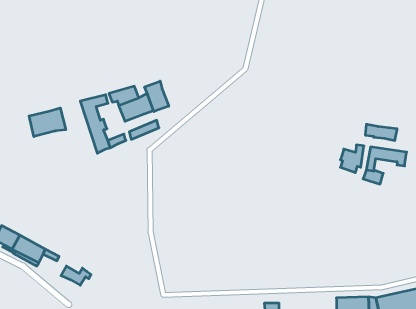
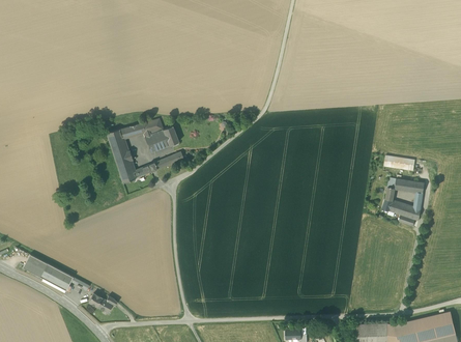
building: [145,81,169,112] -> none
building: [29,108,66,137] -> none
building: [340,145,364,173] -> [400,200,423,227]

